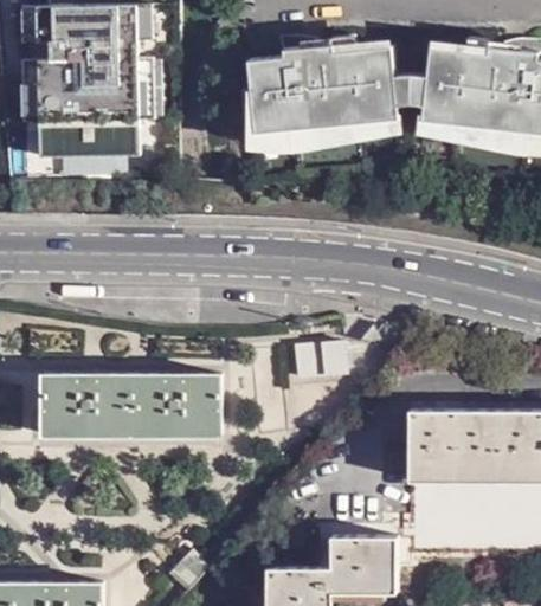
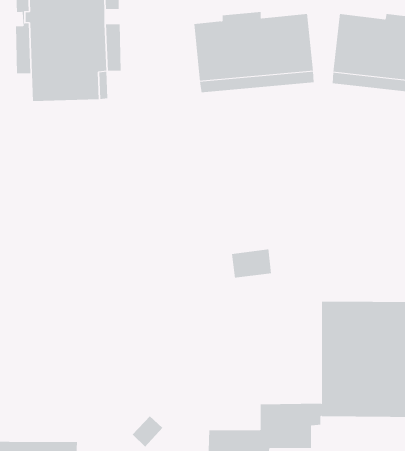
building: [44,375,221,437] -> none

